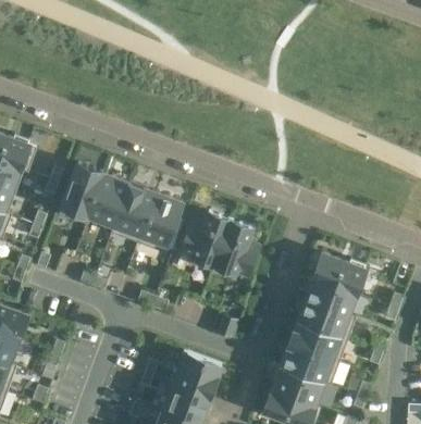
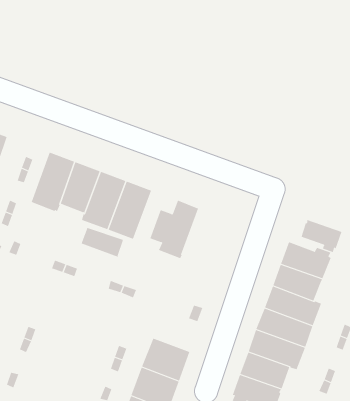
building: [212,221,257,276] -> none
building: none -> [301,219,342,253]
building: none -> [81,227,124,258]

